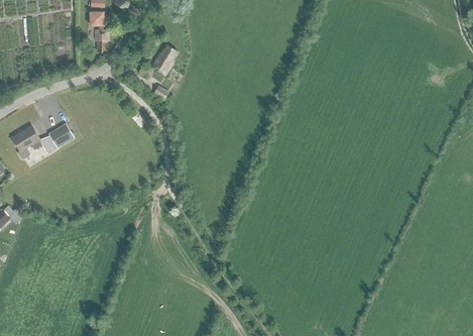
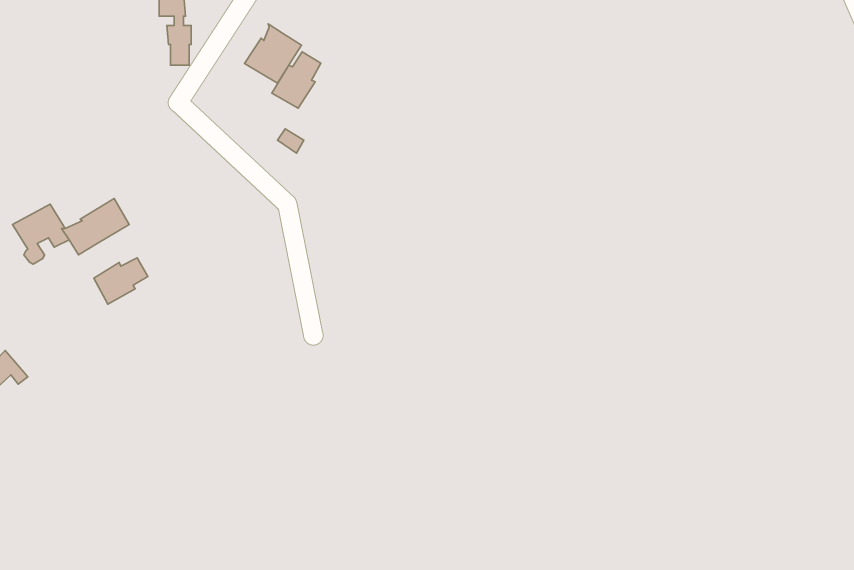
building: none -> [244,24,302,83]
building: none -> [94,258,148,304]

